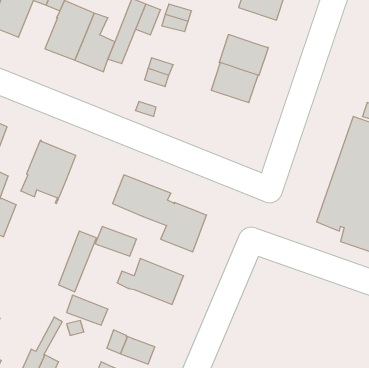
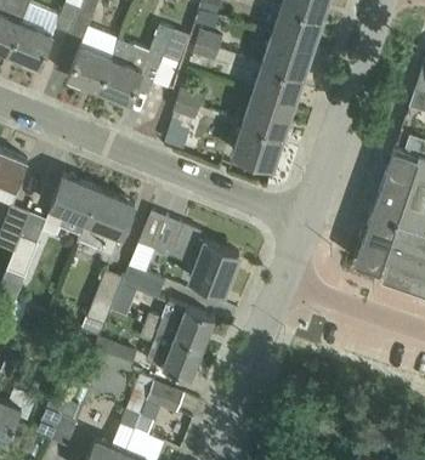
building: none -> [262,36,312,79]
building: none -> [233,124,283,167]
building: none -> [79,193,134,260]
building: none -> [138,328,202,380]

